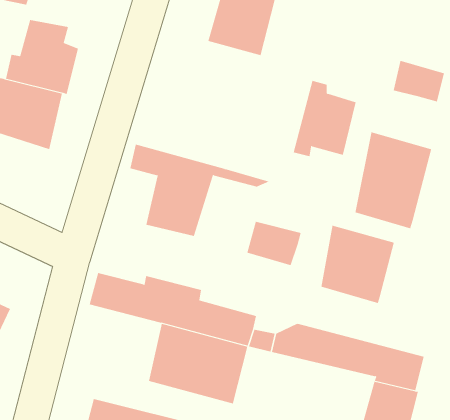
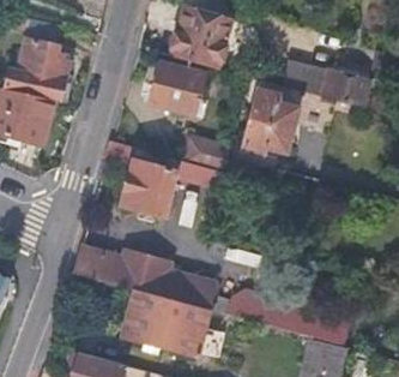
building: none -> [283,60,333,97]
building: none -> [152,62,205,115]
building: [355,132,432,229] -> none
building: [246,221,301,266] -> [188,136,234,173]
building: [321,225,395,304] -> none

